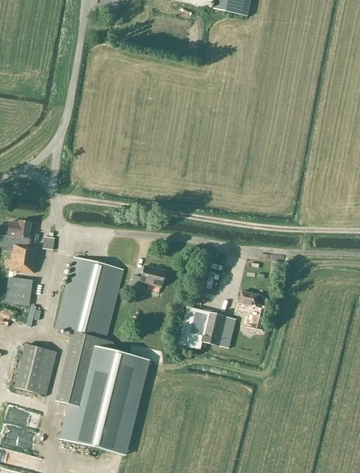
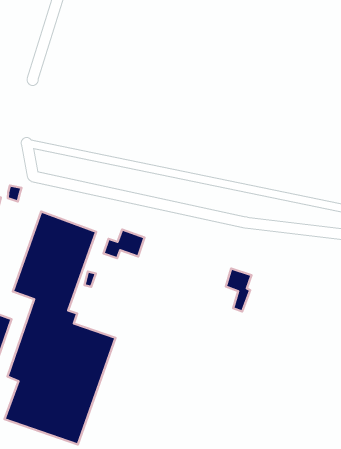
building: [190,308,237,347] -> none

